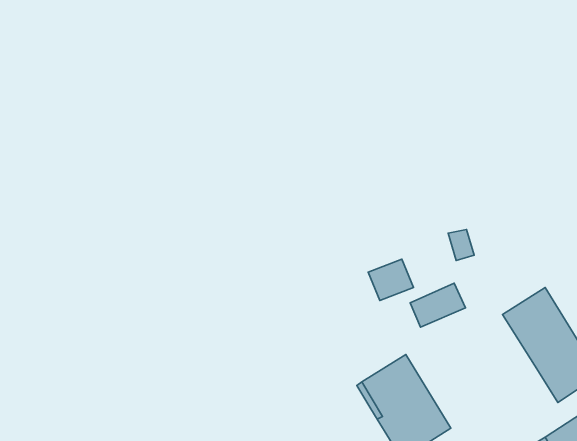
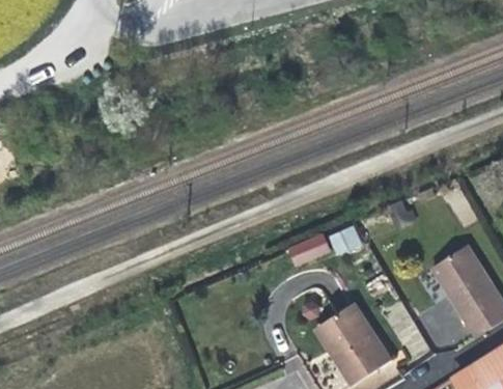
building: [410,283,466,327] -> [285,232,330,268]

